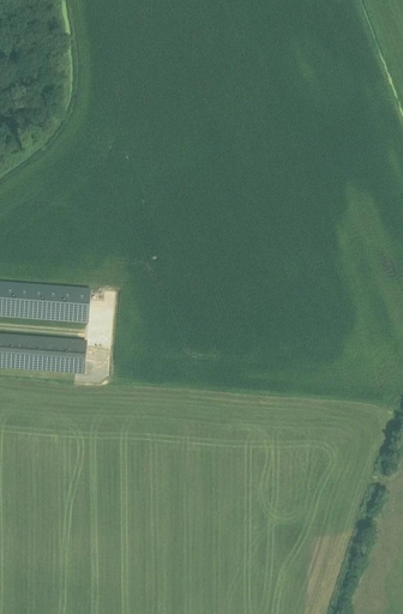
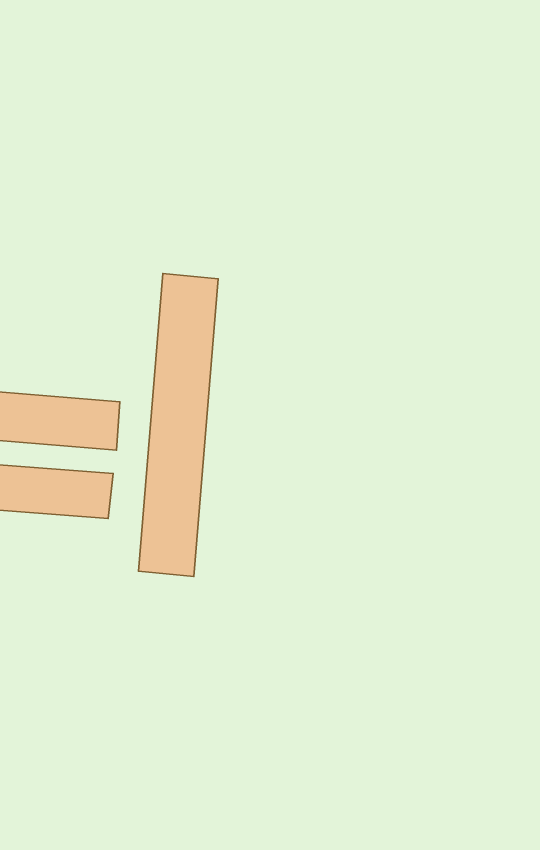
building: none -> [138,274,218,576]

